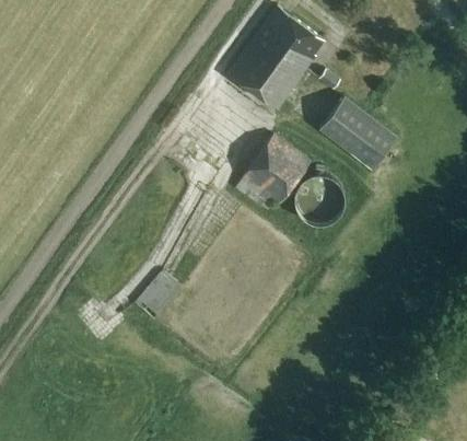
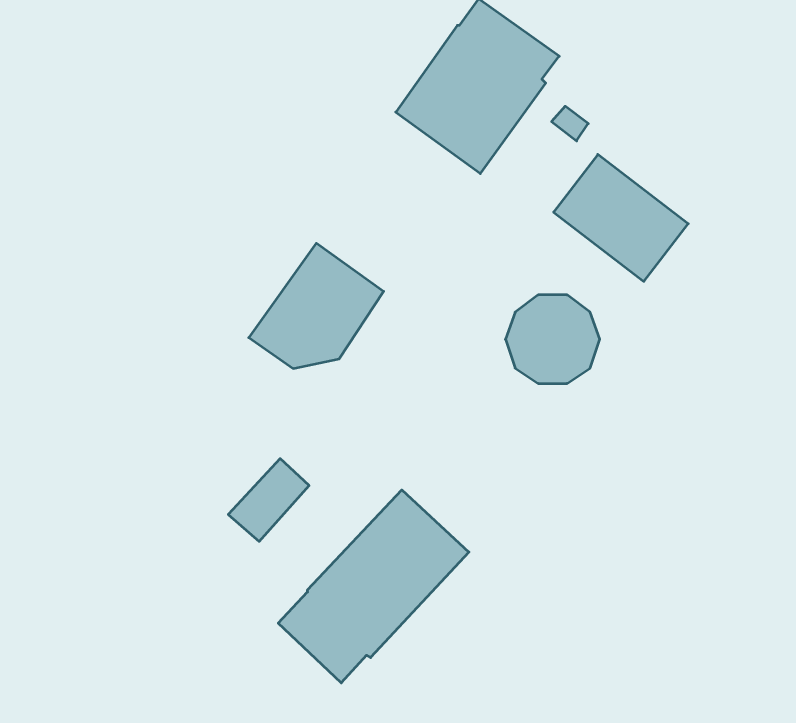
building: [235,134,312,205] -> [249,243,384,368]
building: none -> [278,490,469,683]

